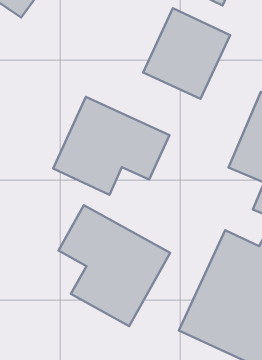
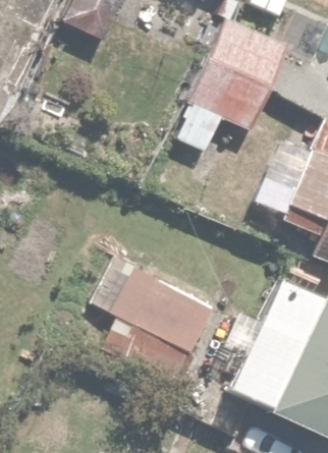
building: [53,97,169,195] -> none

